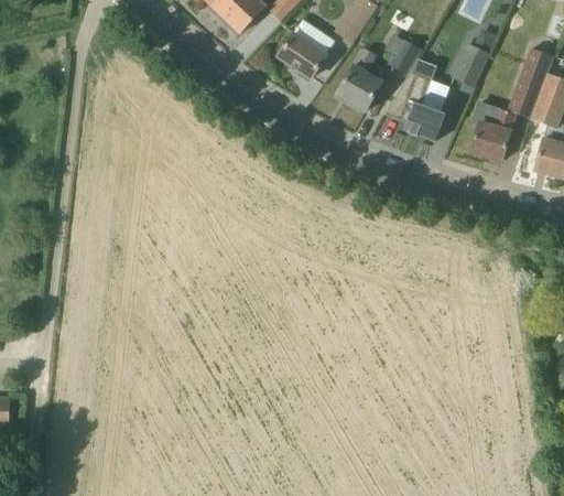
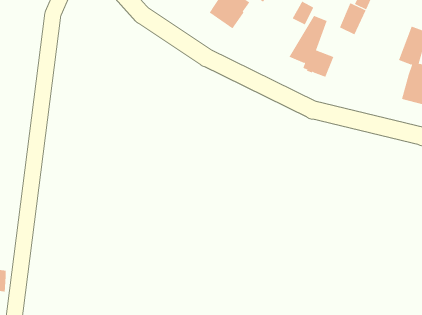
building: [470,48,553,161] -> none
building: [337,50,382,111] -> none

